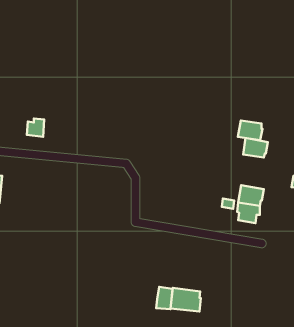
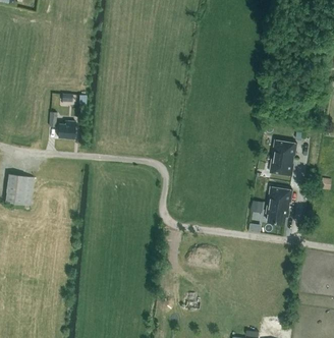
building: [238,121,262,140] -> [270,157,294,176]
building: [171,288,201,311] -> none

